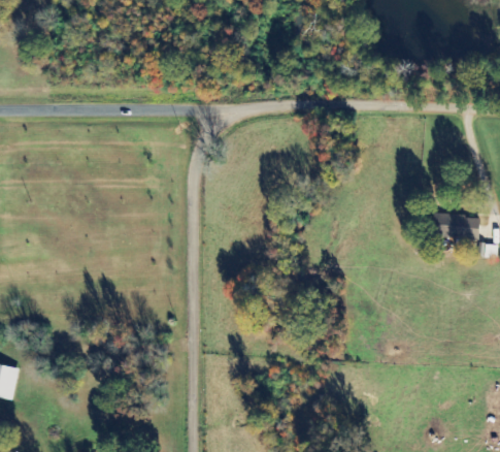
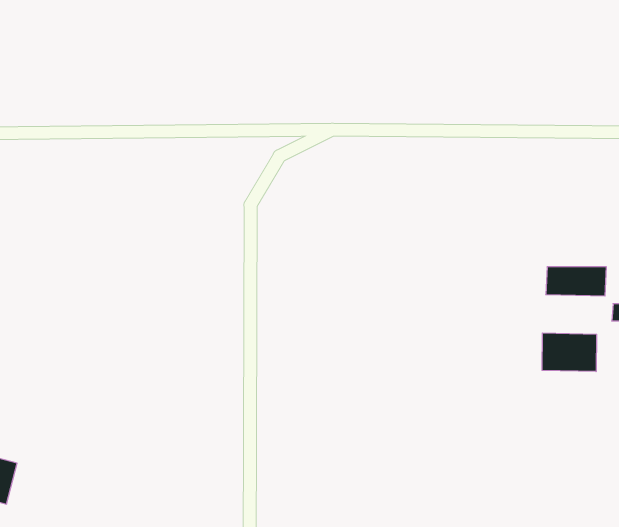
building: none -> [542,333,597,372]

